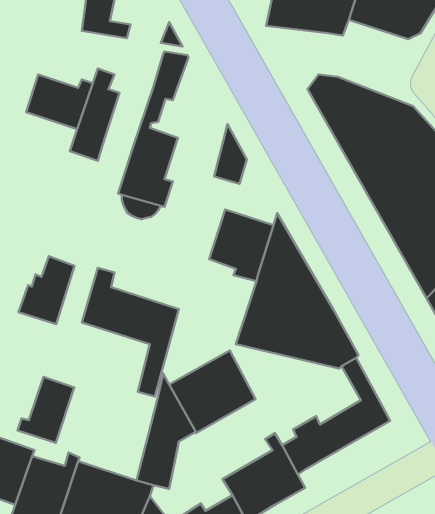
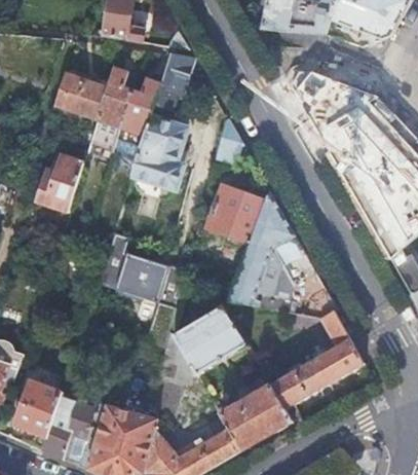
building: none -> [121,77,162,133]
building: [19,256,74,324] -> [37,151,84,209]
building: [18,377,74,443] -> none

